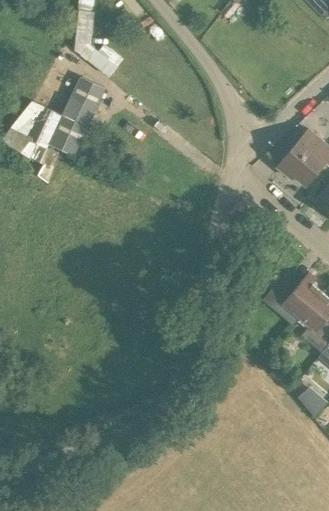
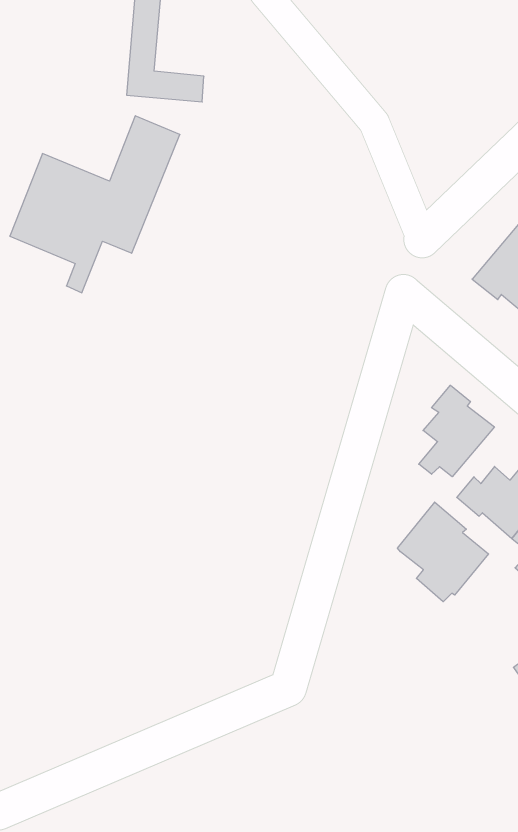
building: none -> [419,385,494,477]
building: none -> [397,502,489,602]

